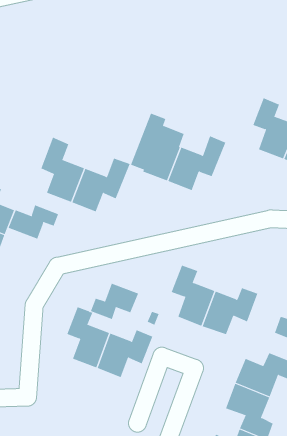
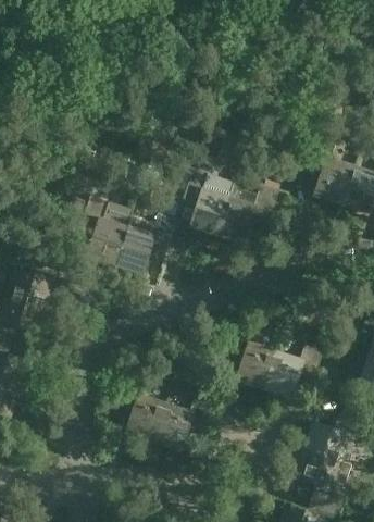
building: [8,205,59,240] -> none
building: [90,283,139,320] -> none

